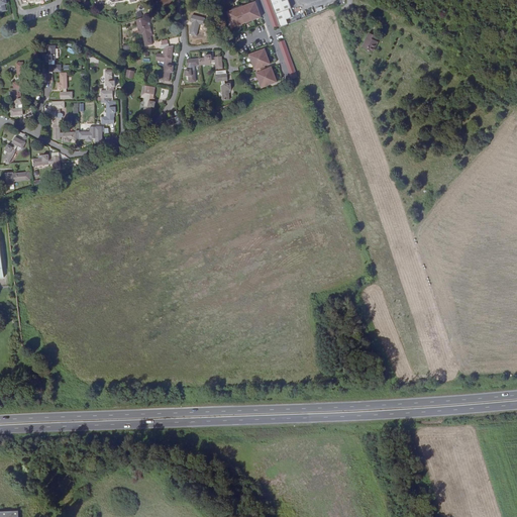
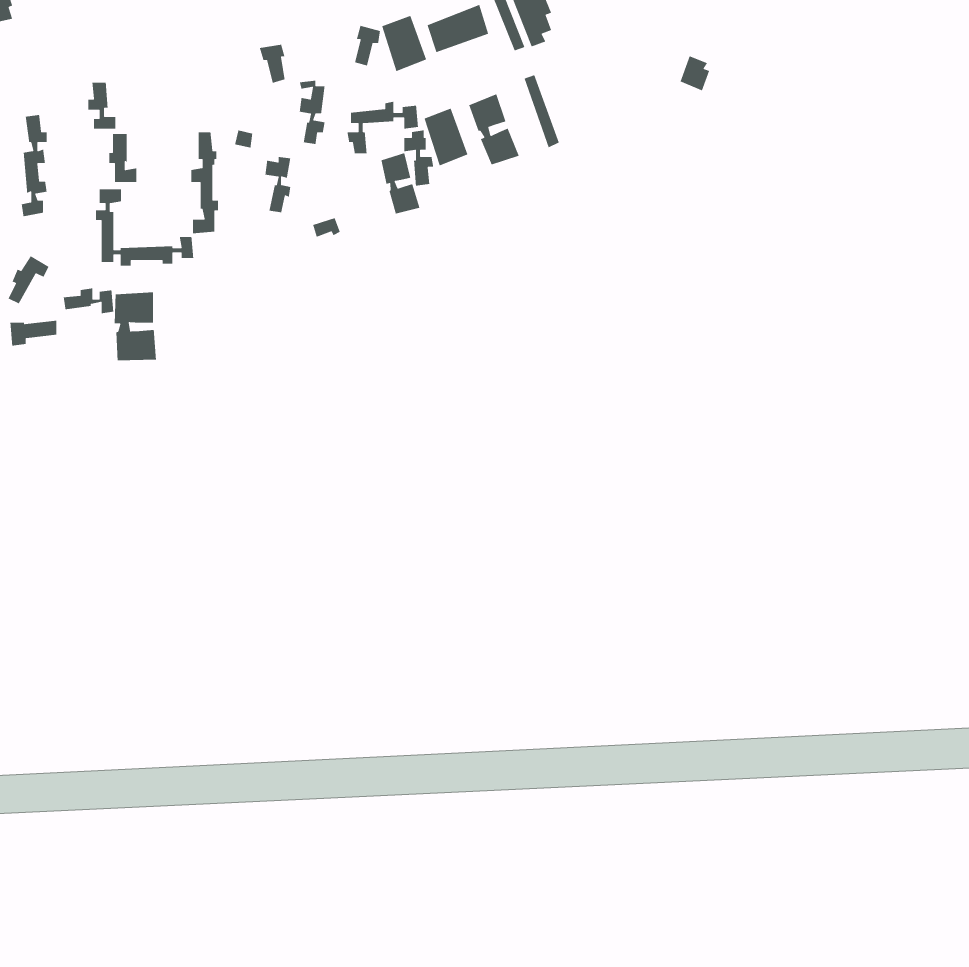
building: none -> [381,15,427,72]
building: none -> [424,108,468,167]
building: none -> [380,152,420,214]
building: none -> [114,291,157,361]

